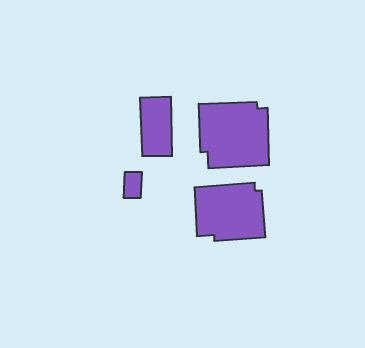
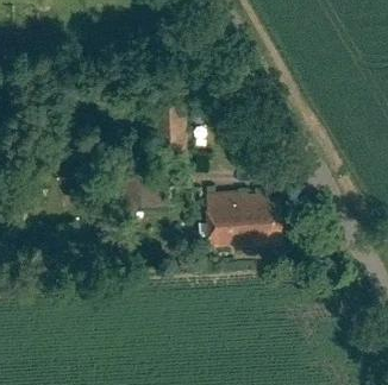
building: [199,102,269,168] -> none

